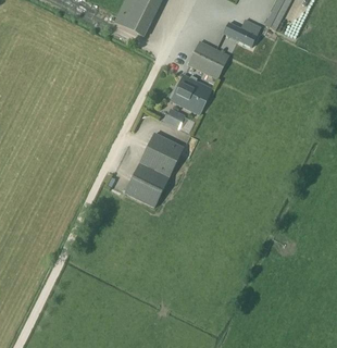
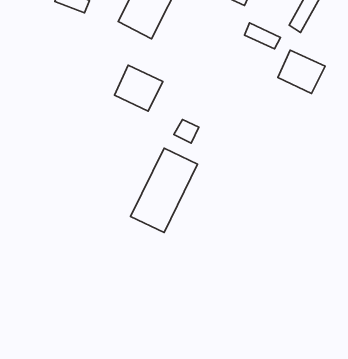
building: [189,40,230,78] -> [278,50,325,94]
building: [172,74,214,114] -> [115,65,163,111]

